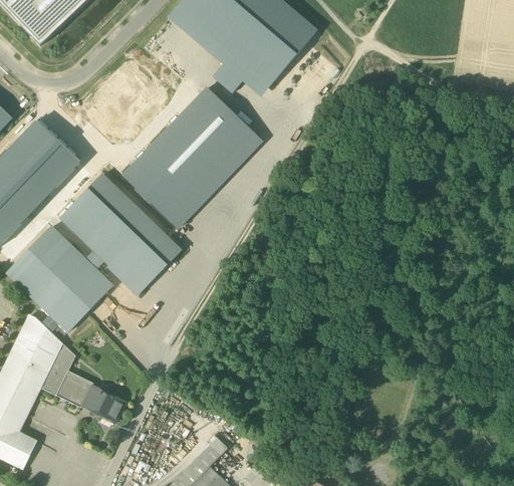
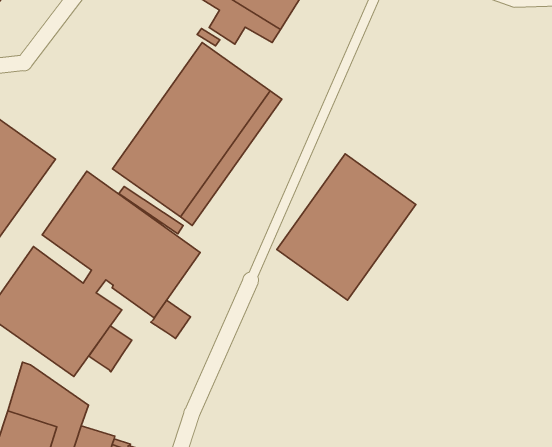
building: none -> [277,154,416,300]
building: none -> [151,300,190,339]
building: none -> [89,326,132,372]

